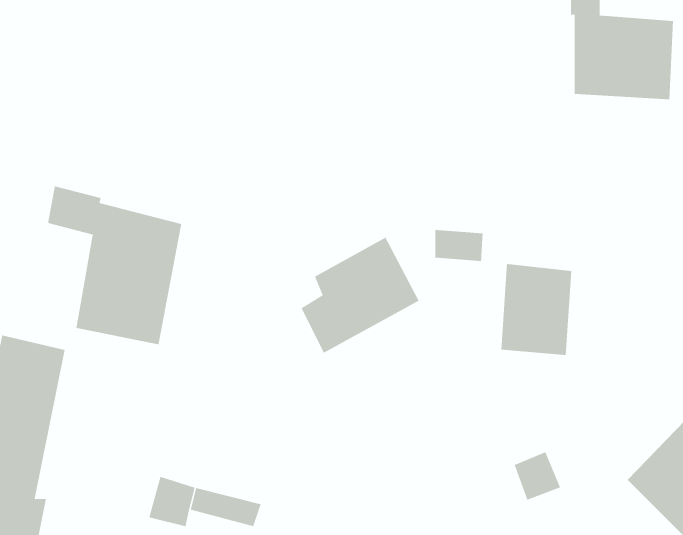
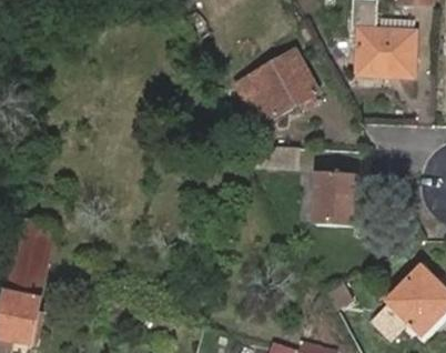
building: [47,185,182,345] -> none
building: [301,237,420,353] -> [242,56,312,124]

